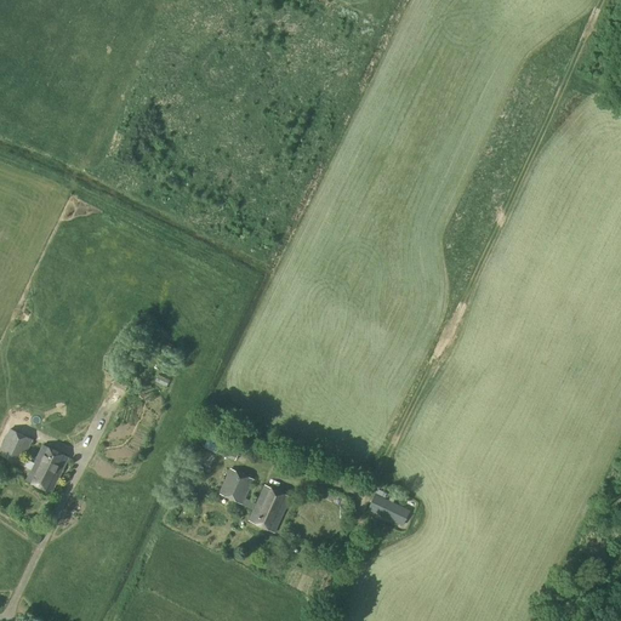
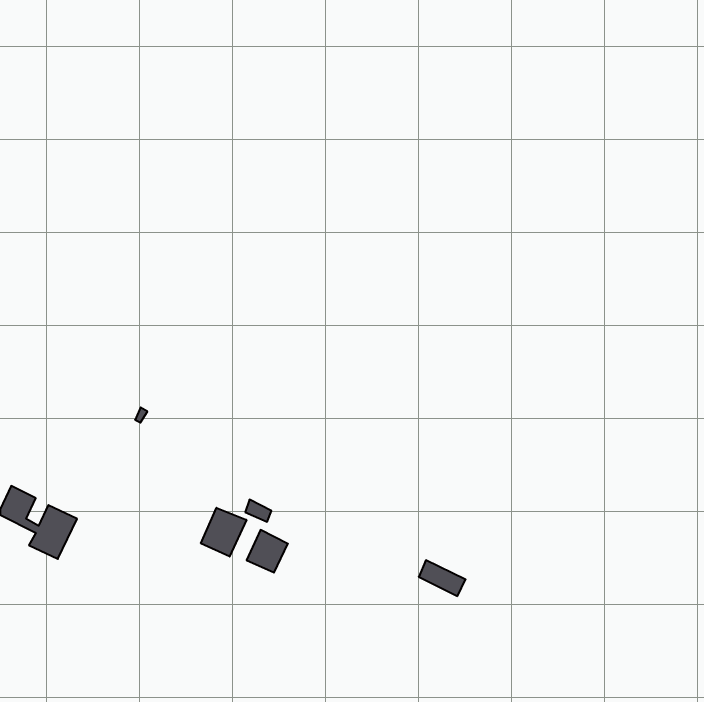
building: none -> [201,508,246,557]
building: [247,485,290,532] -> none

